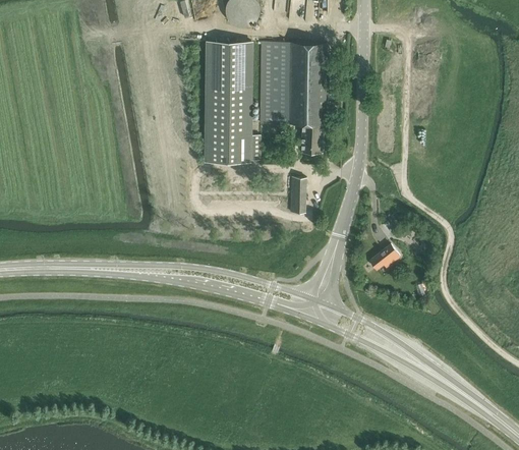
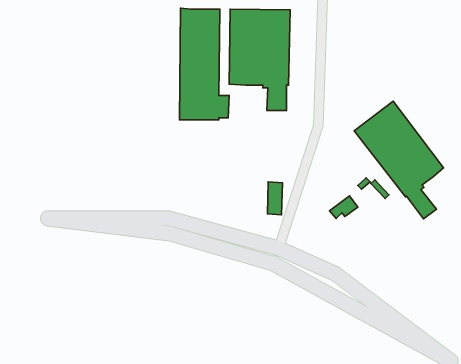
building: none -> [354,101,444,219]
building: [289,178,305,214] -> [267,182,282,215]

